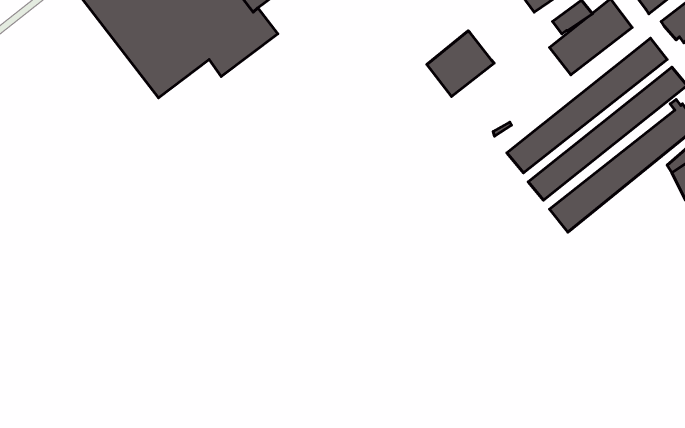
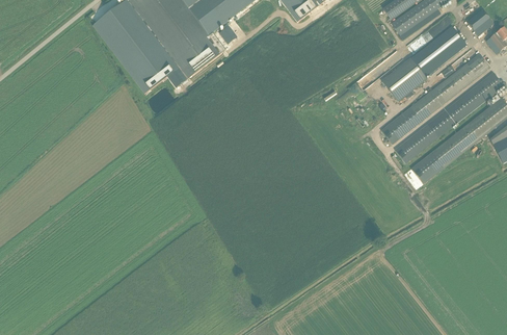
building: [427,31,494,97] -> [381,56,427,101]

